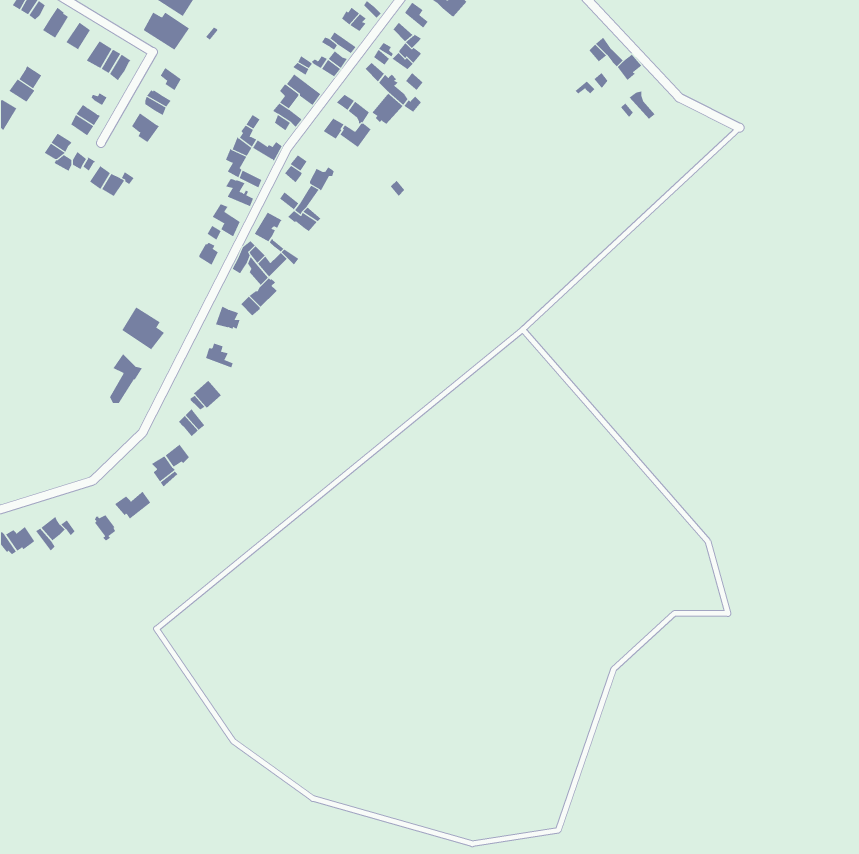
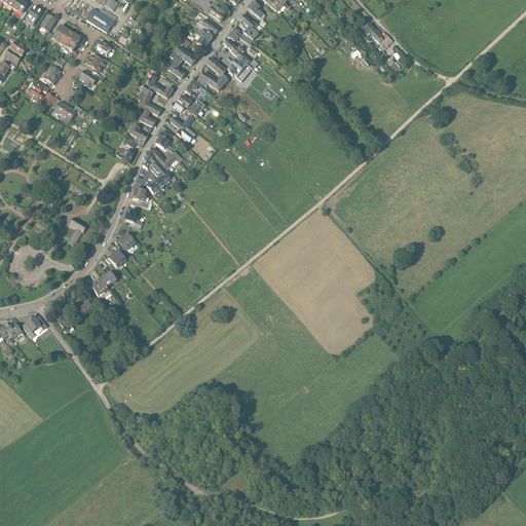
building: [121,306,165,350] -> none

